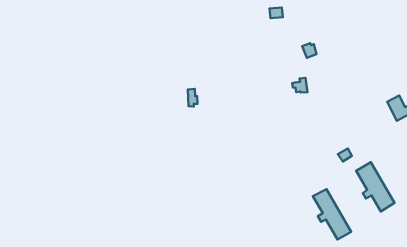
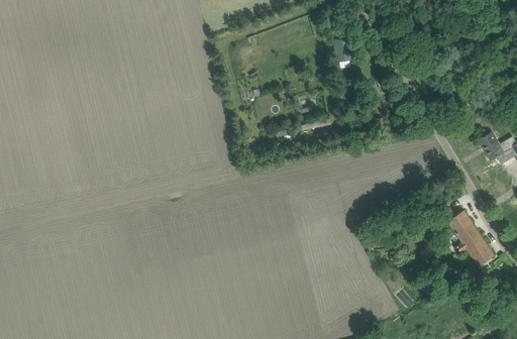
building: [313,189,351,239] -> none

